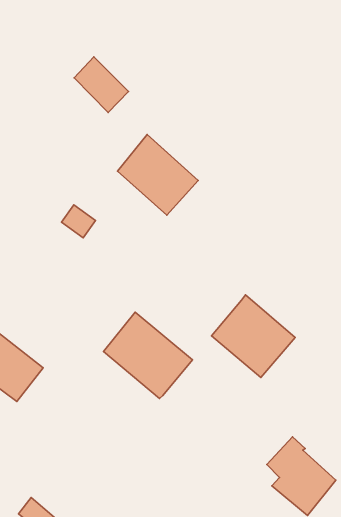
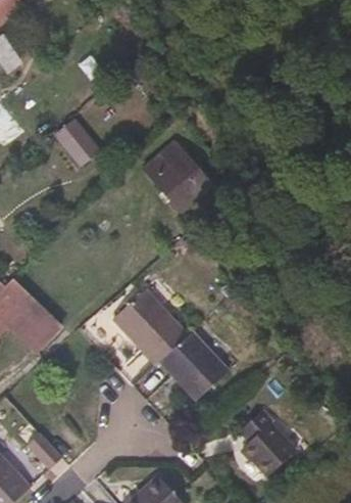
building: [74,57,129,113] -> [55,119,99,167]
building: [212,295,295,377] -> [158,330,228,401]

